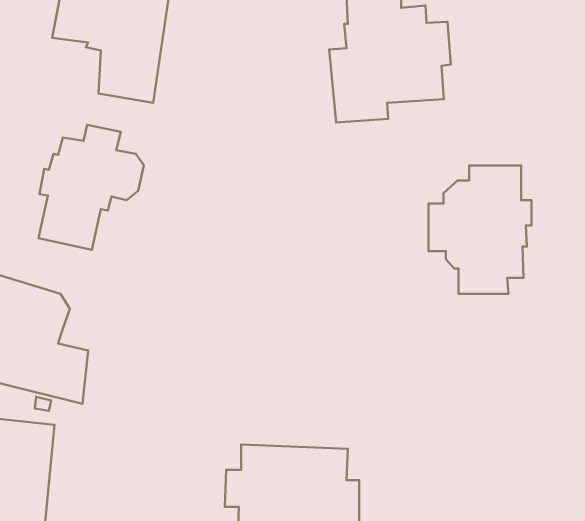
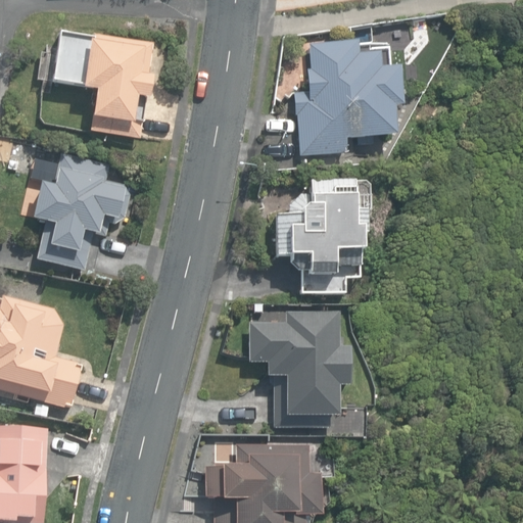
building: [429,165,532,294] -> [275,180,366,293]
building: none -> [248,312,349,428]

